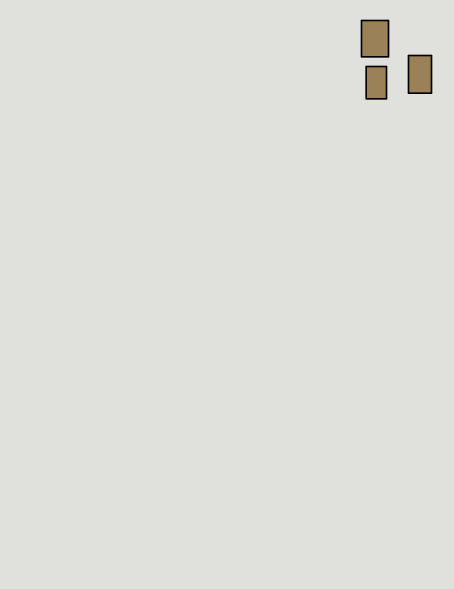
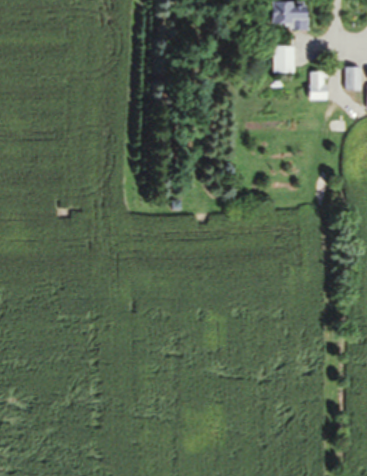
building: [366,66,387,99] -> none

